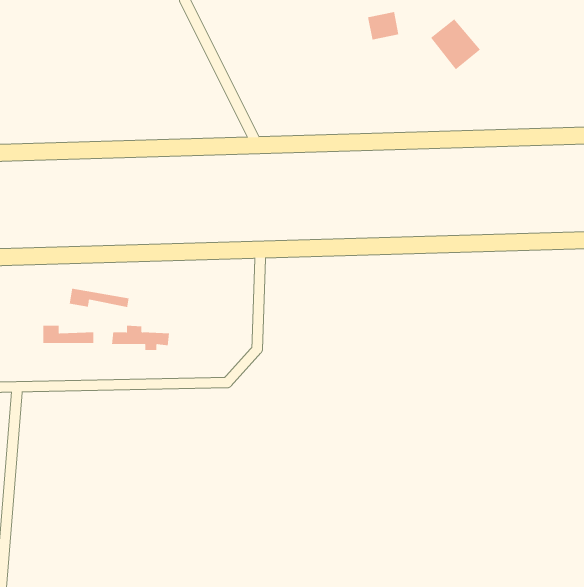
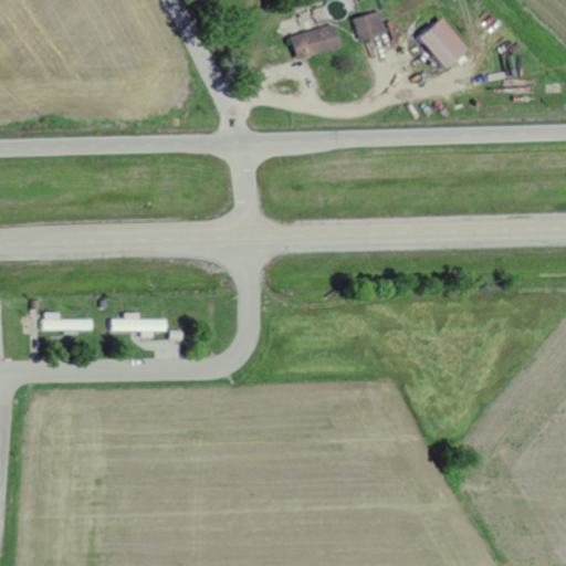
building: none -> [290,24,342,61]
building: [69,288,129,308] -> none

